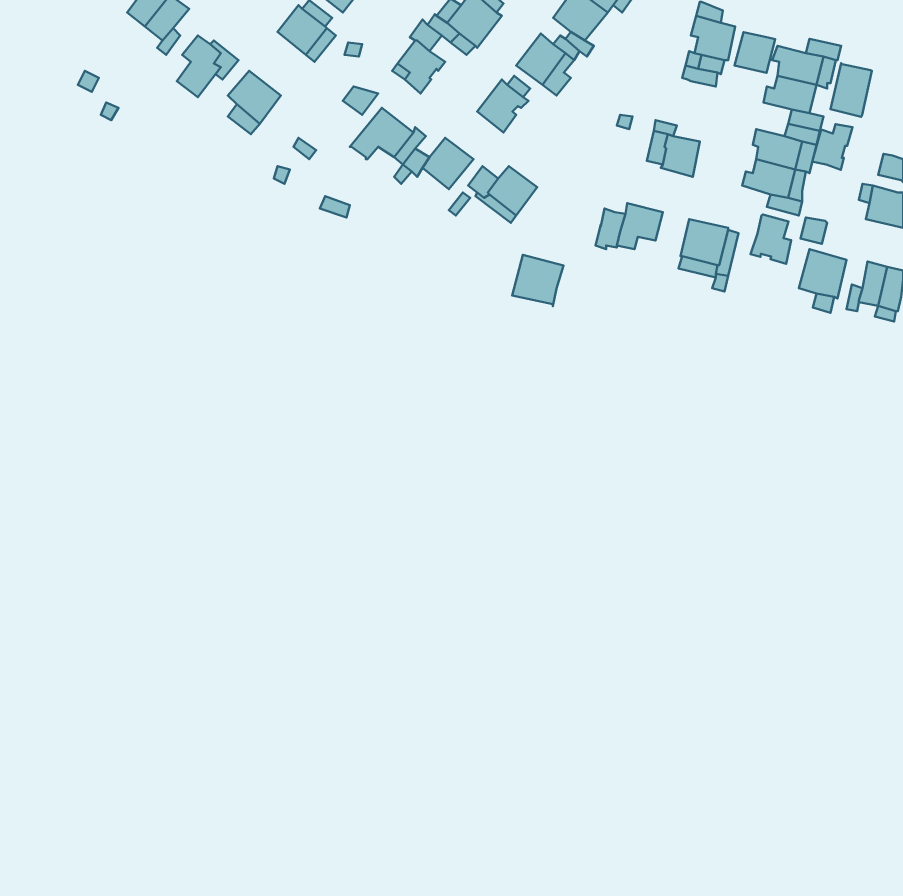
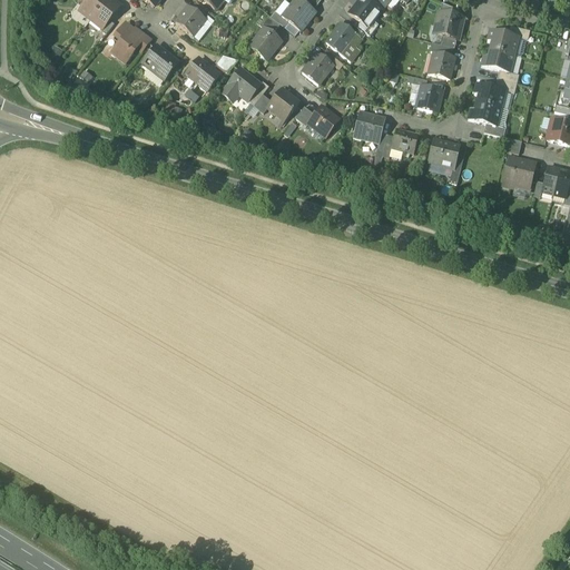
building: [735,32,775,73] -> [430,51,455,77]
building: [830,63,872,117] -> none
building: none -> [186,57,219,89]
building: [813,124,852,170] -> none
building: [750,214,791,264] -> none
building: [512,255,564,306] -> [353,110,385,142]

